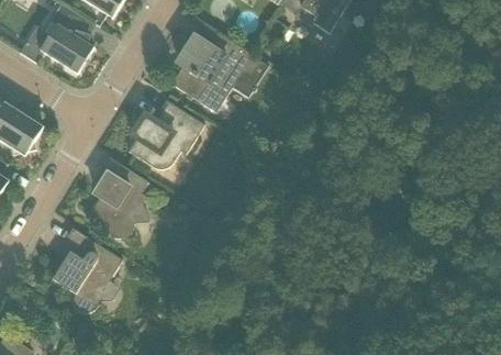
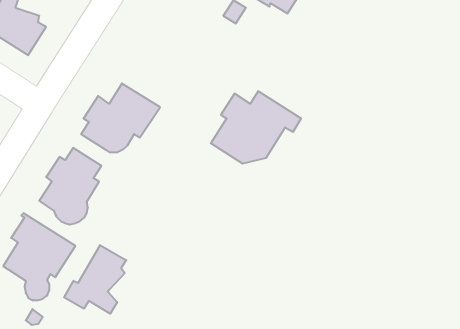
building: [170,32,258,102] -> [211,91,301,163]
building: none -> [64,245,126,314]

